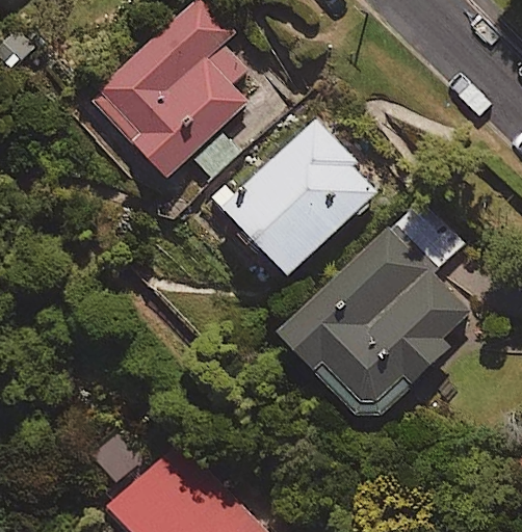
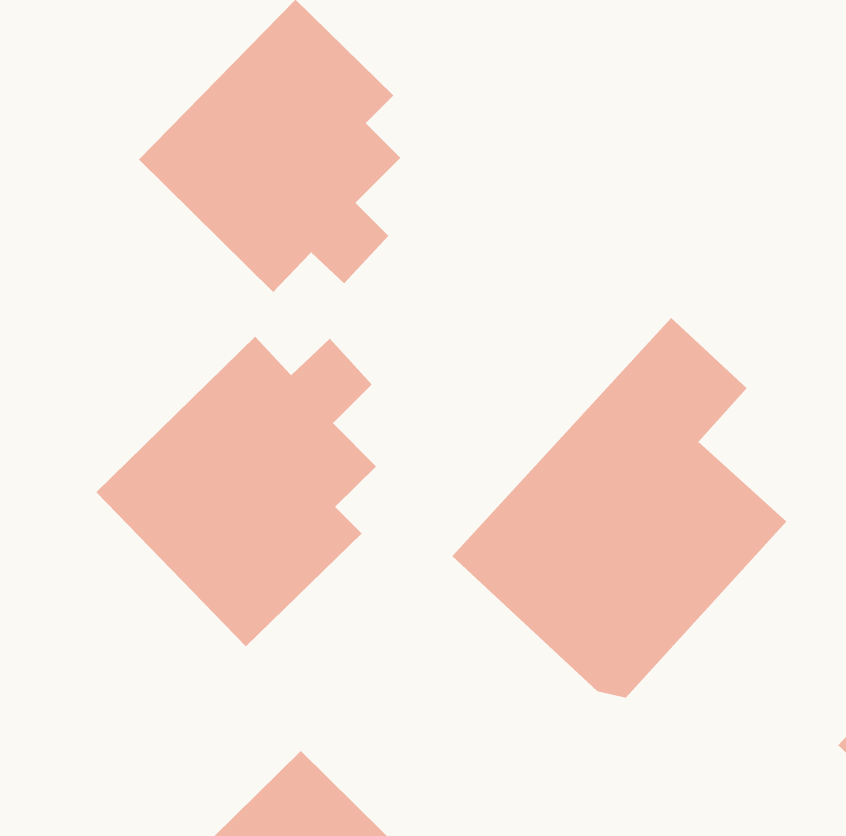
building: [208,113,386,280] -> none
building: none -> [96,336,377,647]

